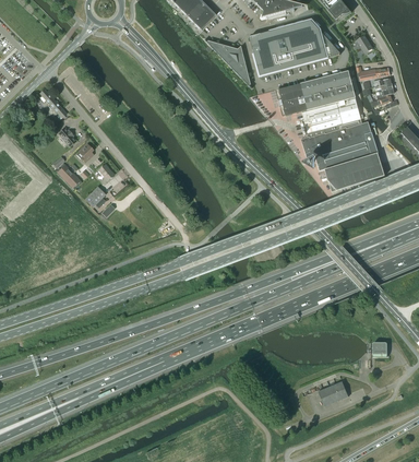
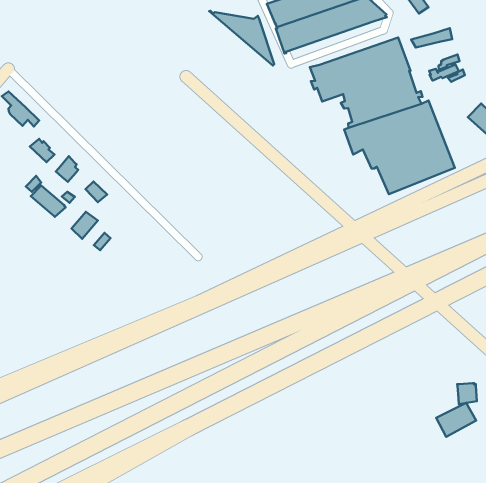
building: [316,381,347,406] -> [436,403,476,437]

